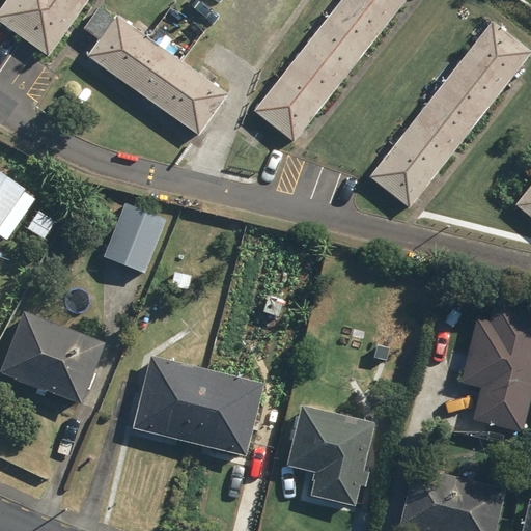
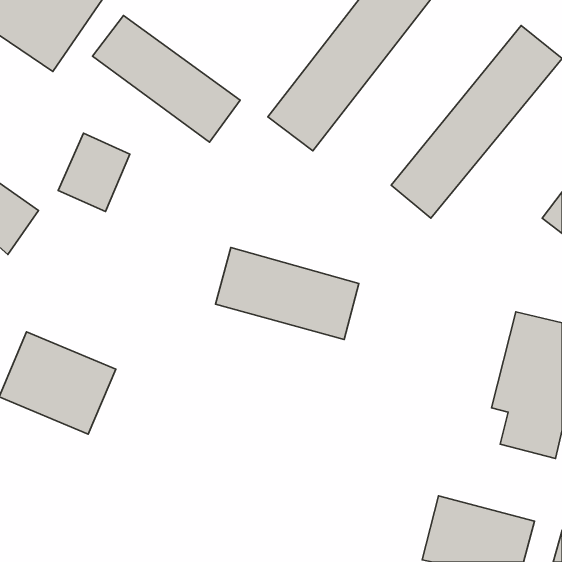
building: [101,203,168,277] -> [58,133,130,212]
building: none -> [215,248,359,339]
building: [132,355,266,457] -> none
building: [284,404,378,505] -> none

